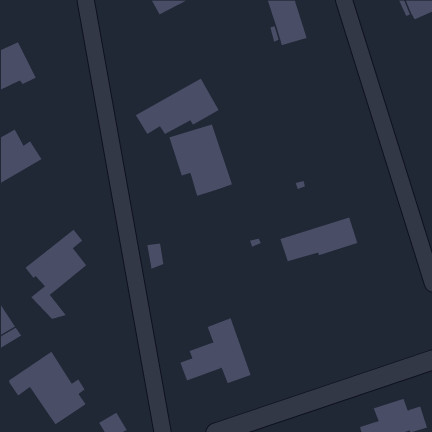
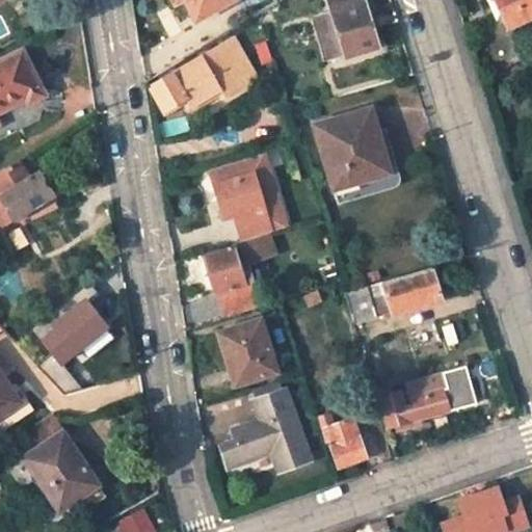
building: [135,78,220,135] -> [152,38,256,108]
building: none -> [316,109,389,189]
building: none -> [208,234,274,318]
building: none -> [219,318,277,384]
building: none -> [380,365,478,431]
building: none -> [320,416,367,468]

